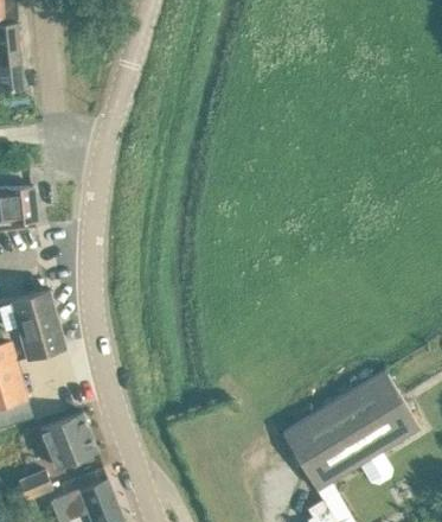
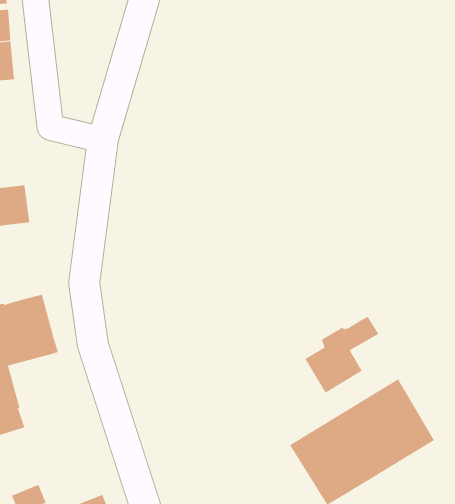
building: none -> [304,316,379,394]
building: [39,413,97,469] -> none

